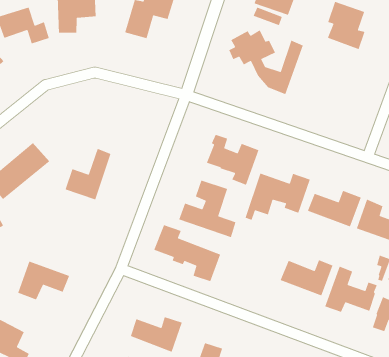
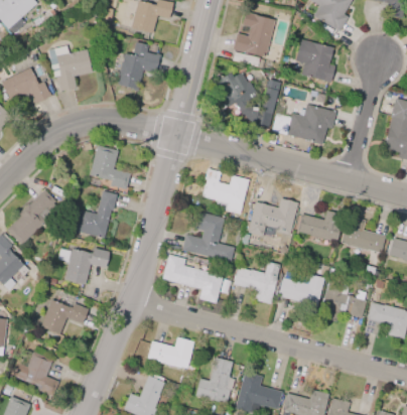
building: none -> [270,105,335,144]
building: none -> [90,145,129,188]
building: none -> [65,249,109,285]
building: none -> [233,261,281,304]

